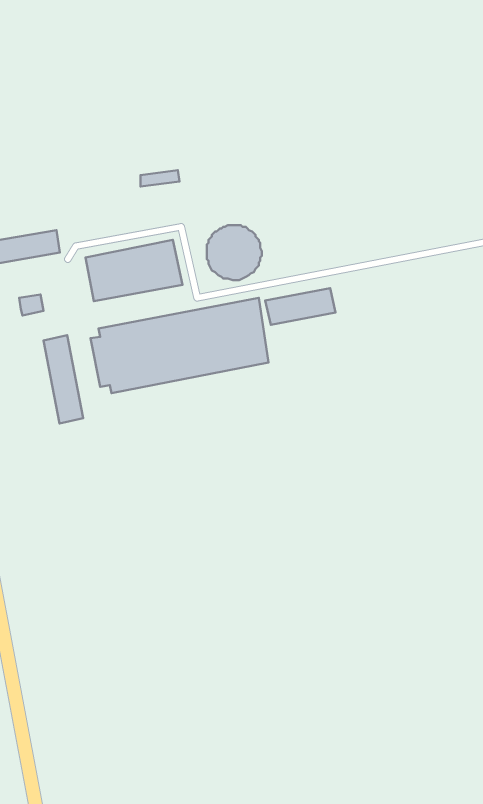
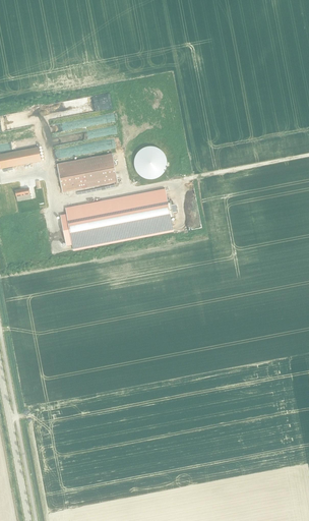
building: [265,288,335,325] -> none
building: [43,335,83,424] -> none

